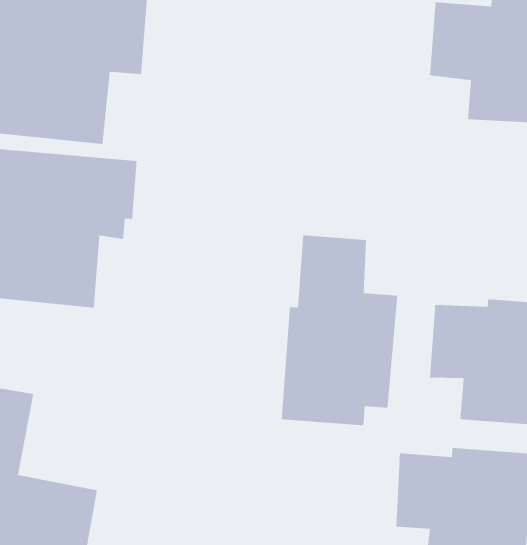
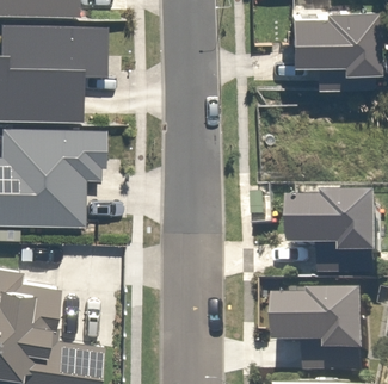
building: [281,235,398,426] -> none

